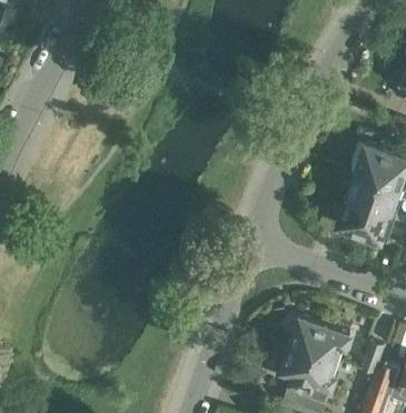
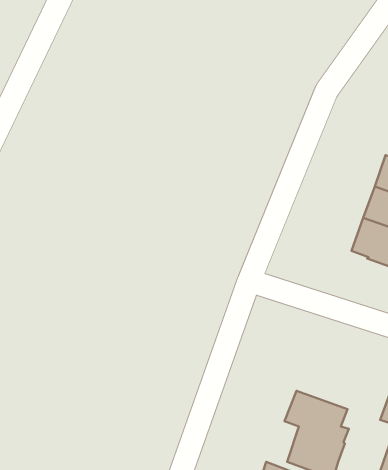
building: [290,315,349,357] -> none

